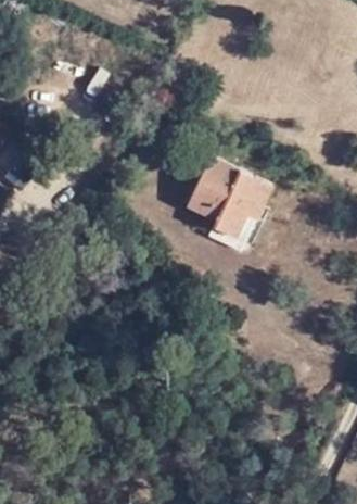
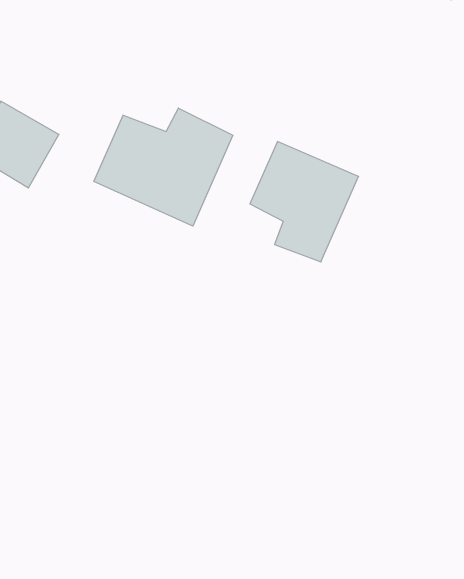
building: none -> [94,108,233,226]

